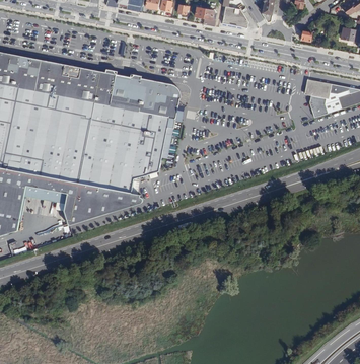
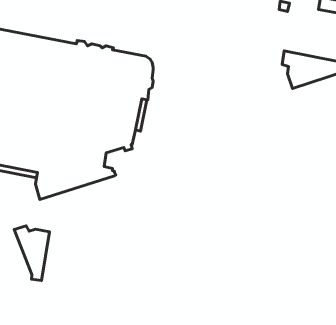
building: none -> [14,226,50,281]

